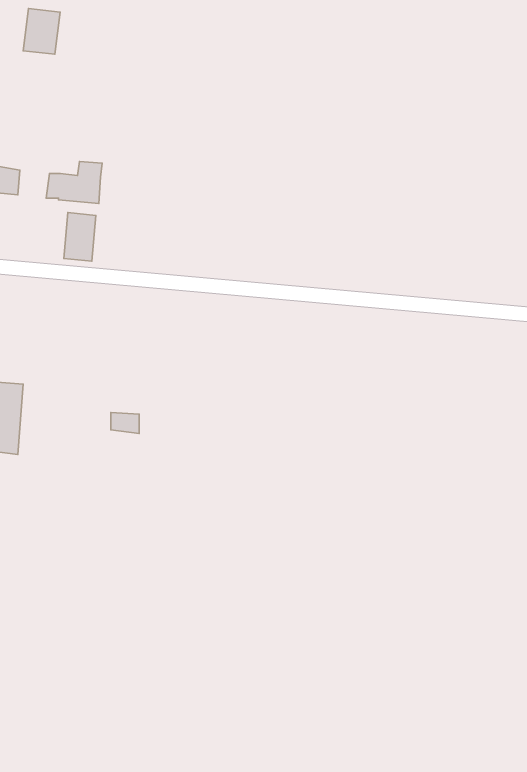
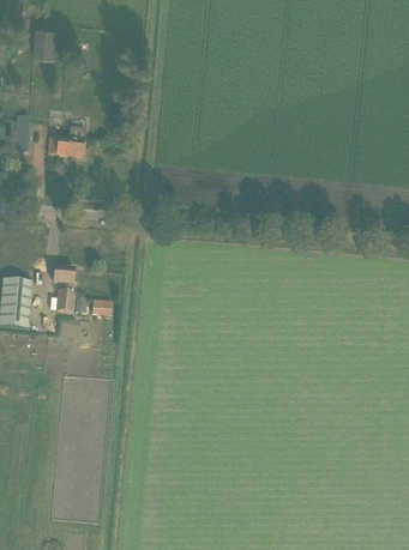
building: [64,213,96,261] -> none
building: none -> [54,267,74,310]

